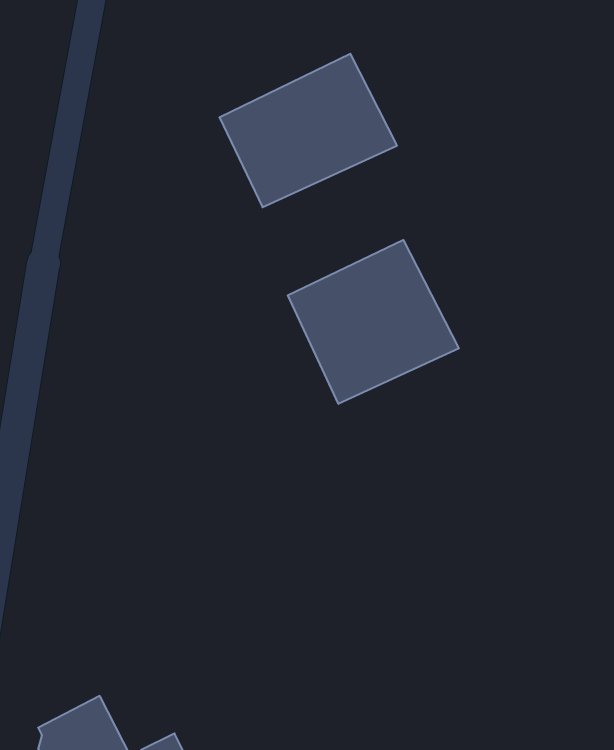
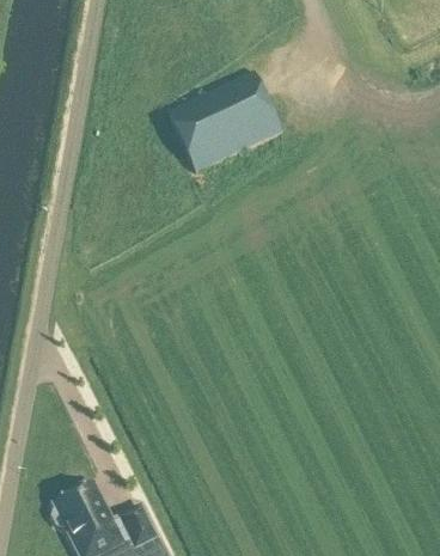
building: [288,240,459,404] -> none

